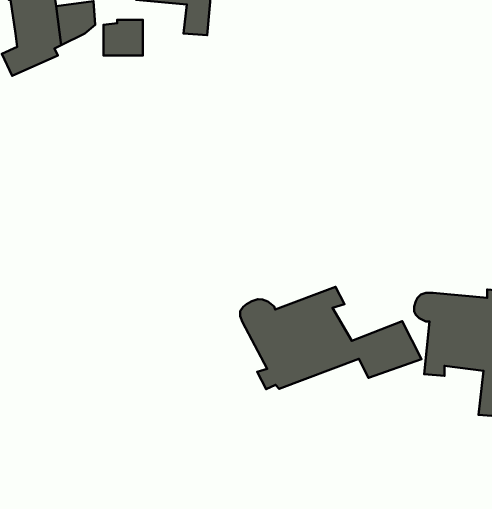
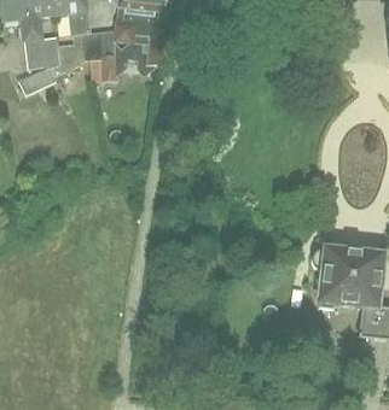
building: [240,287,421,389] -> none

